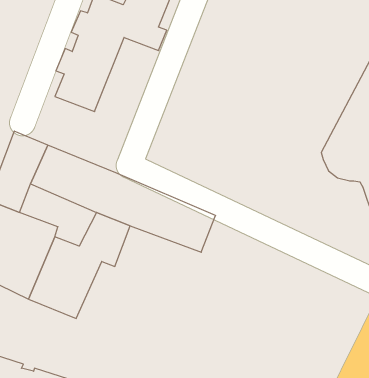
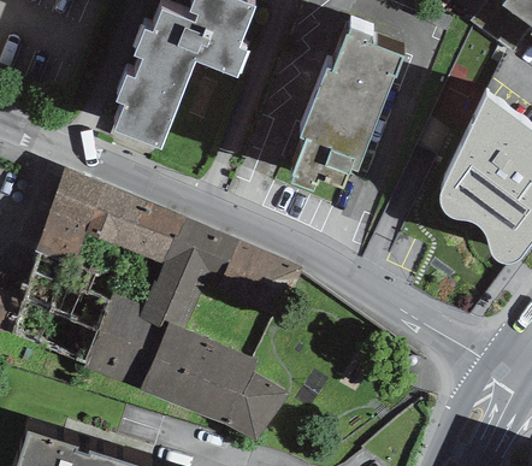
building: none -> [291,23,404,187]
building: none -> [140,322,290,440]

